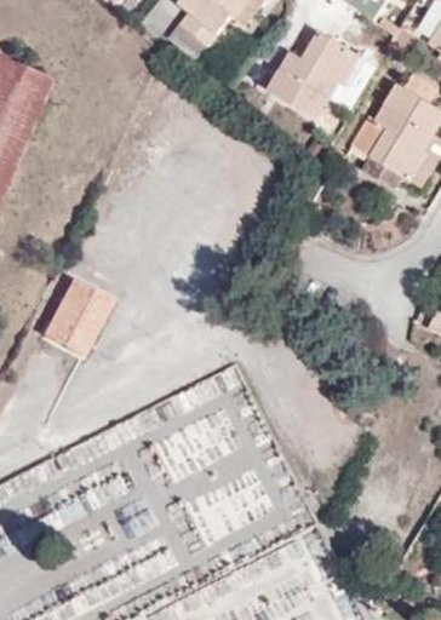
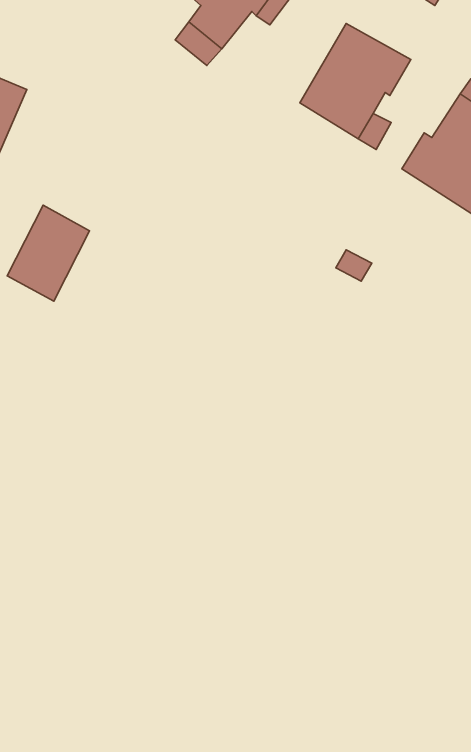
building: [45,276,111,354] -> [7,205,90,301]

